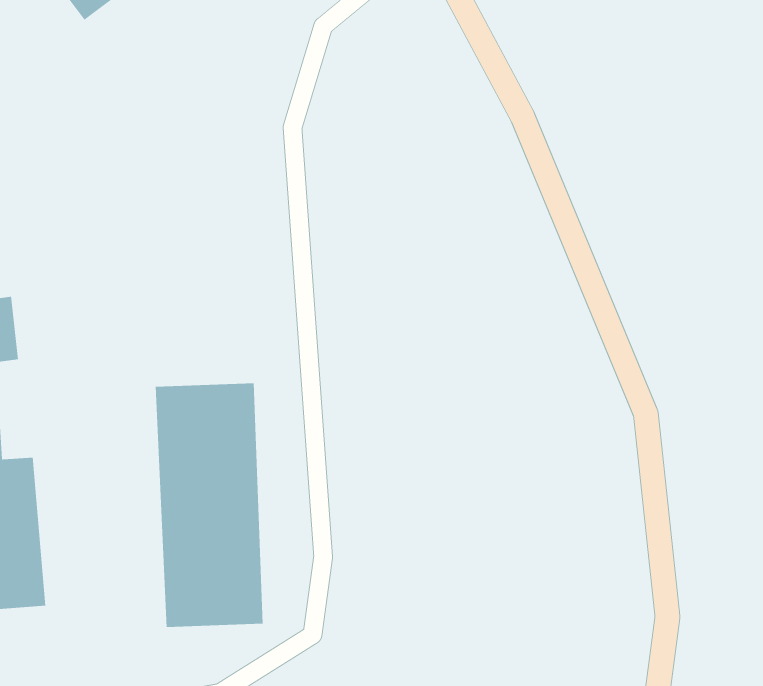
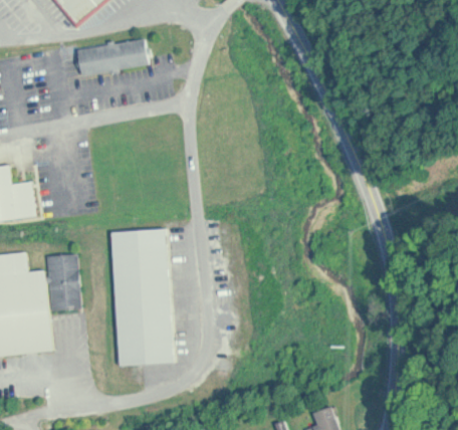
building: none -> [75,38,147,73]
building: none -> [46,252,80,310]

